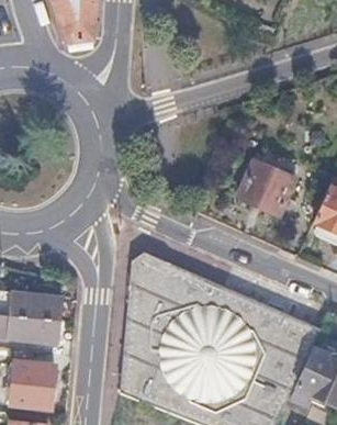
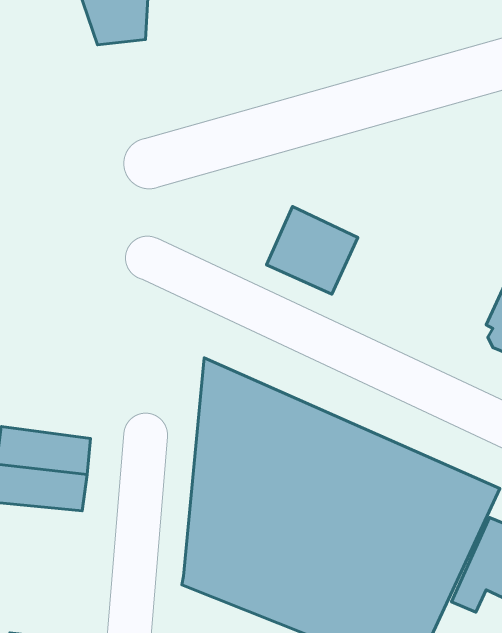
building: [236,161,294,217] -> [267,206,358,294]
building: [10,360,54,409] -> none

